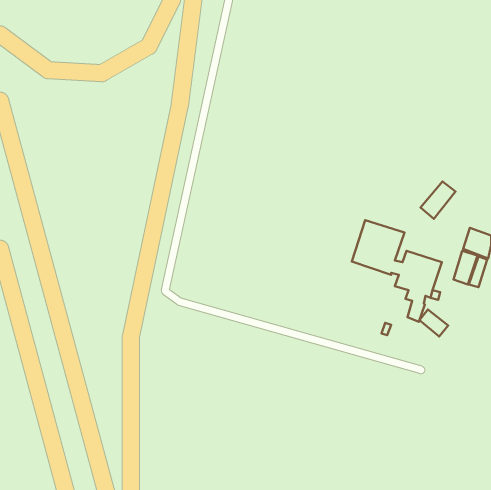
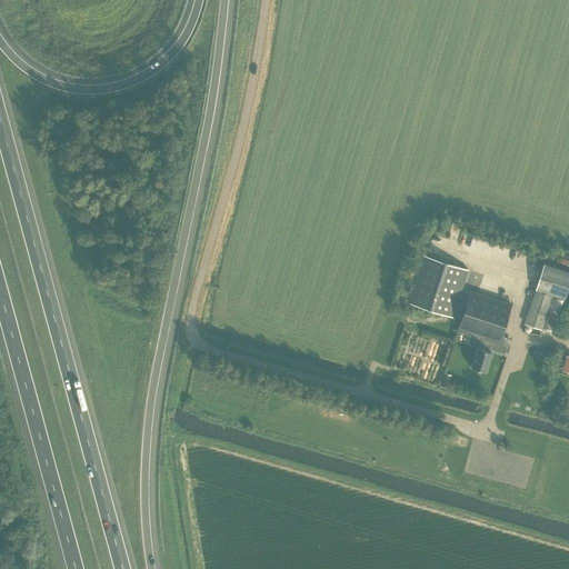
building: [420,181,455,219] -> none
building: [420,310,448,337] -> none

